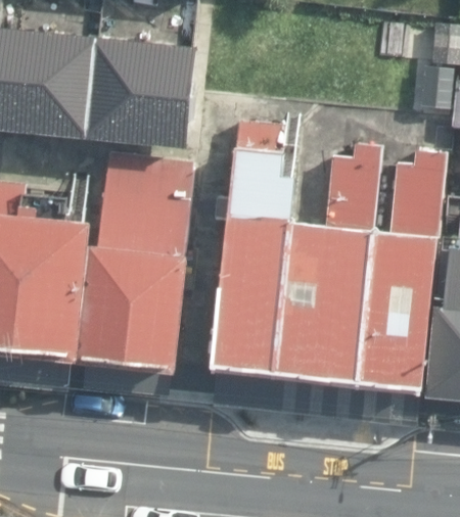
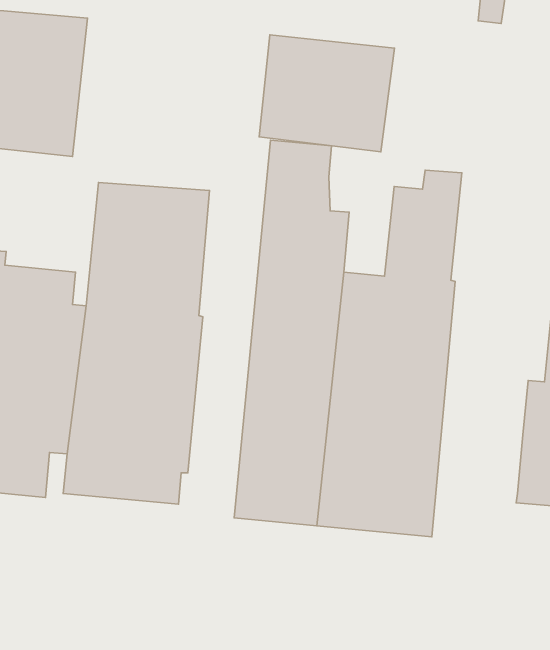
building: [89,31,199,145] -> none
building: none -> [259,35,394,152]
building: [360,152,445,426] -> none

